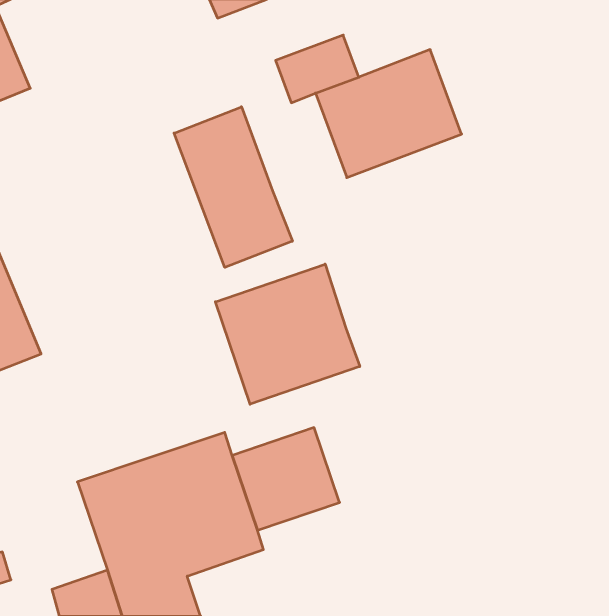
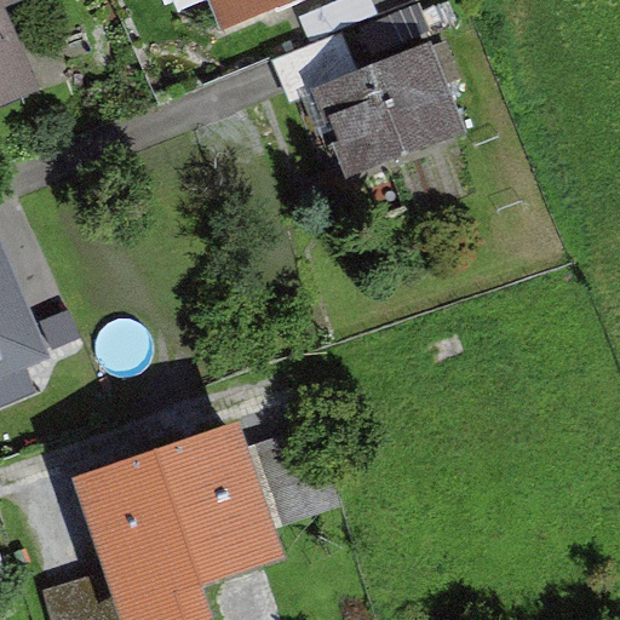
building: [174,107,292,267] -> none
building: [215,264,360,404] -> none

